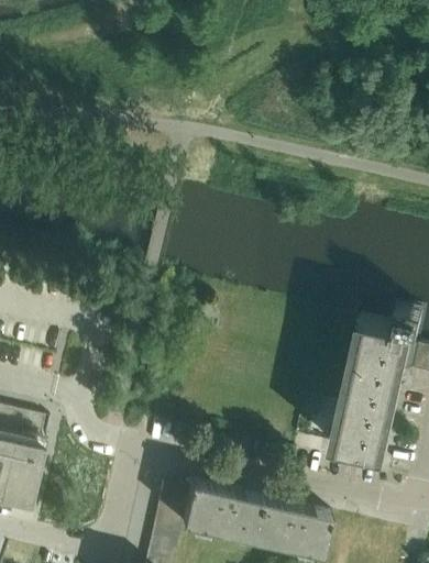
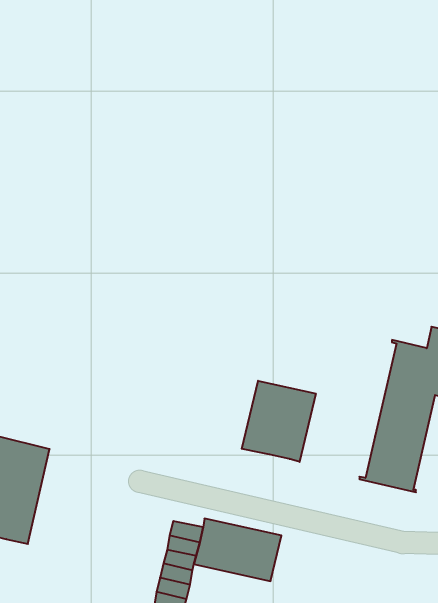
building: none -> [242,381,316,462]
building: [250,499,329,556] -> none

